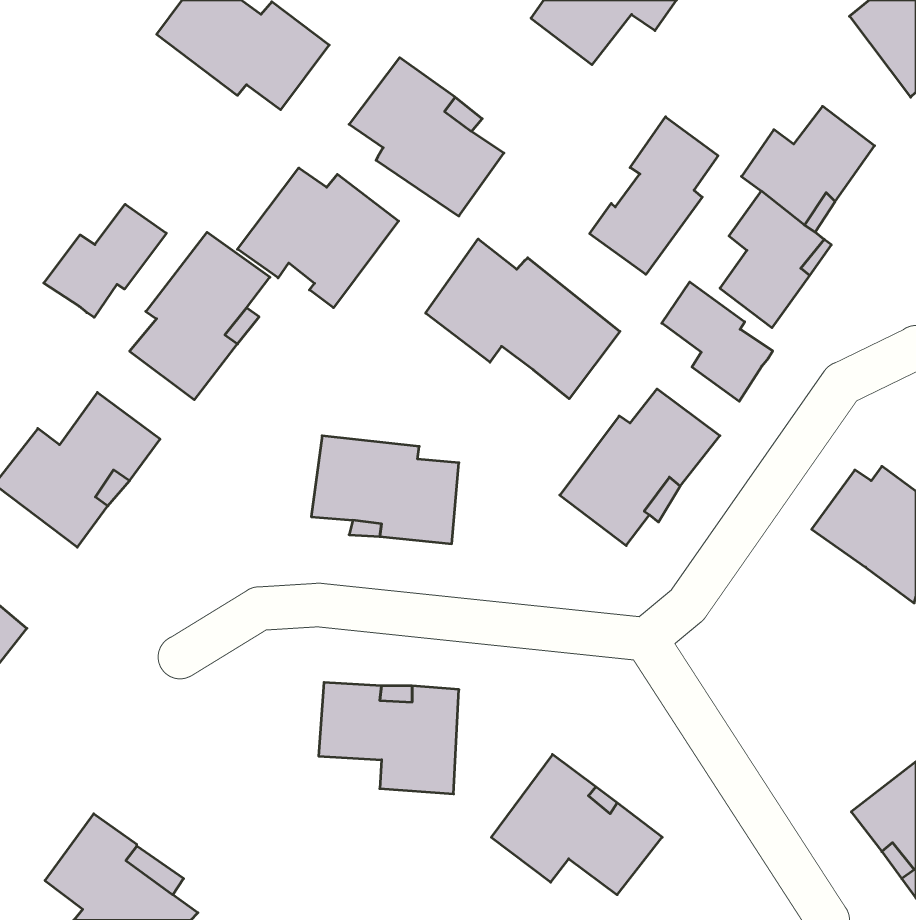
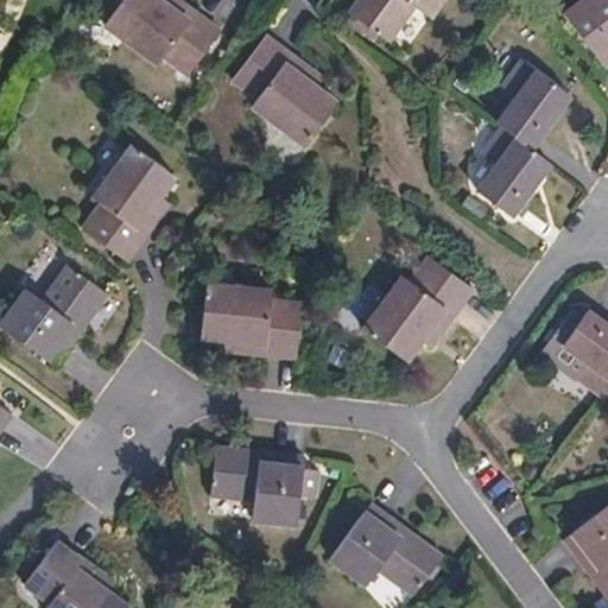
building: [590,117,718,274] -> none
building: [237,168,399,308] -> none
building: [44,204,166,317] -> none
building: [426,239,620,399] -> none
building: [662,282,773,401] -> none

